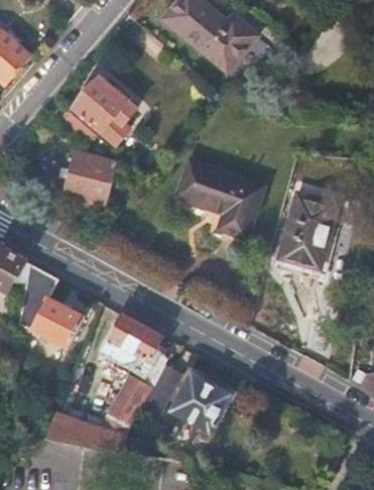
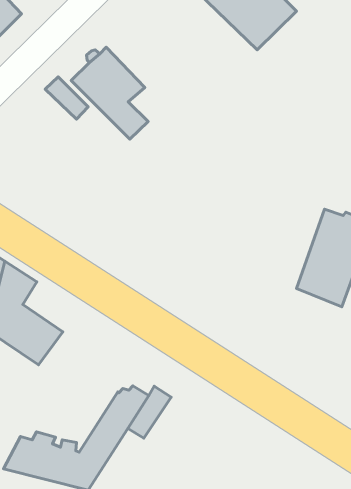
building: [64,151,116,203] -> none
building: [177,159,264,239] -> none
building: [104,314,162,360] -> none
building: [171,371,229,428] -> none

